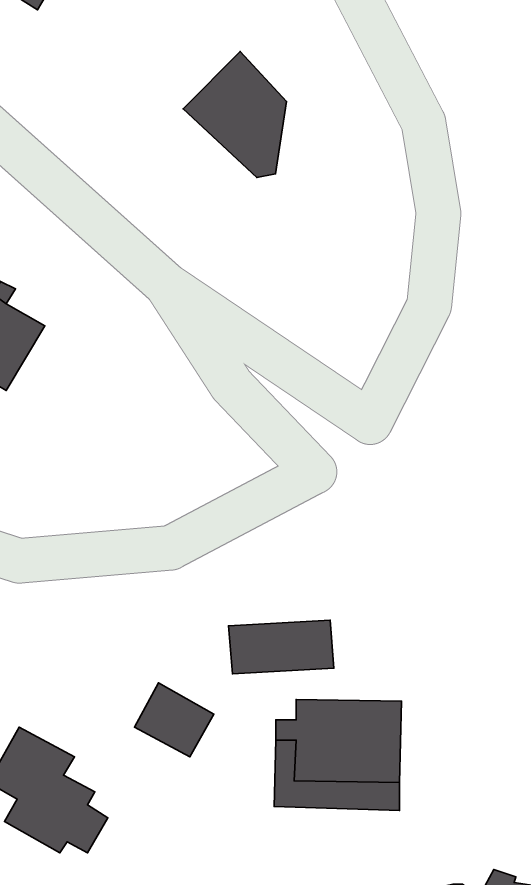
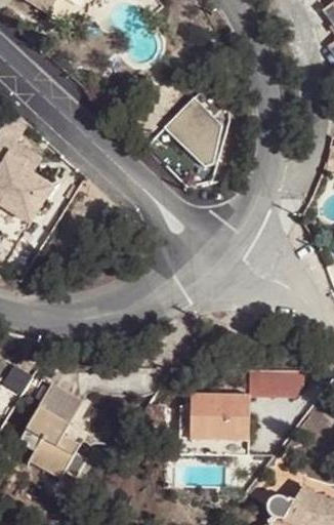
building: [183,52,286,177] -> [163,95,220,165]
building: [229,620,334,674] -> [252,365,310,395]
building: [134,683,214,757] -> [38,383,82,425]

